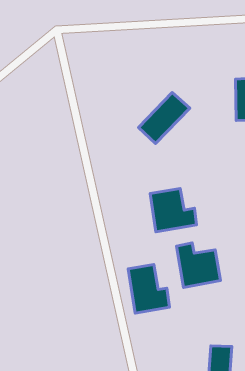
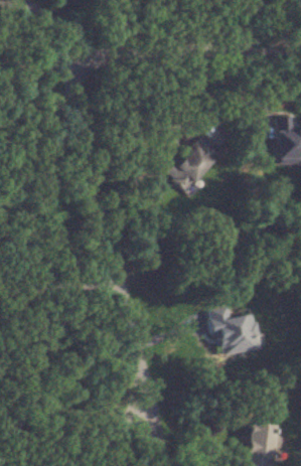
building: [150,188,197,232] -> none
building: [128,264,170,313] -> none

